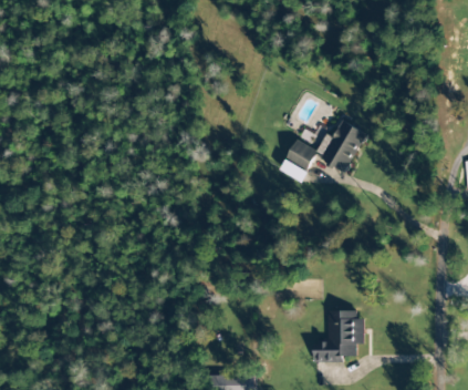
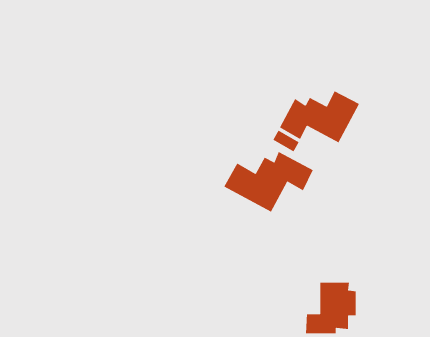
building: none -> [224,151,314,212]

